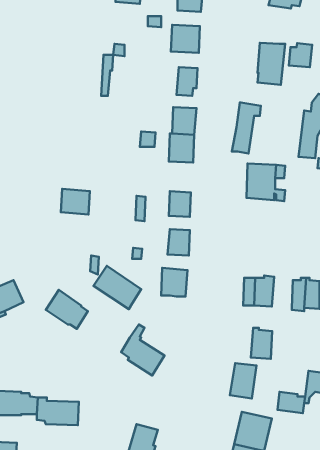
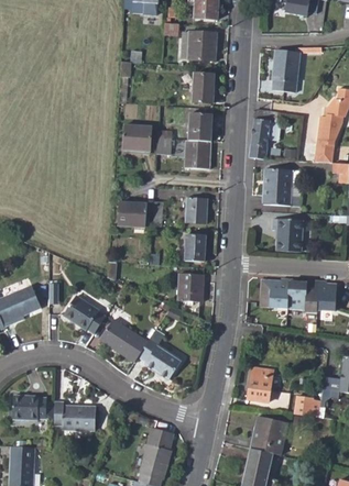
building: [289,43,312,67] -> none
building: none -> [122,124,151,150]
building: [61,189,90,214] -> [118,201,146,227]
building: none -> [272,219,303,251]
building: [93,266,141,309] -> [99,319,146,362]
building: [251,328,272,359] -> [287,281,308,312]

